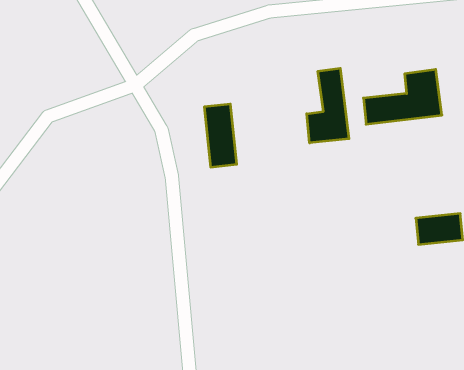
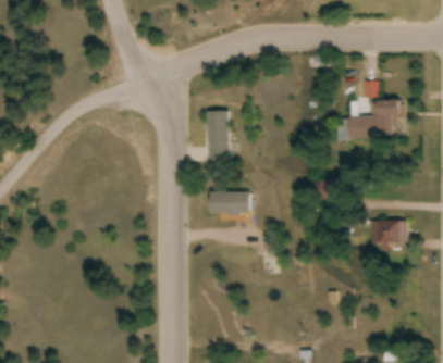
building: [307,68,349,143] -> none
building: none -> [209,191,250,213]

